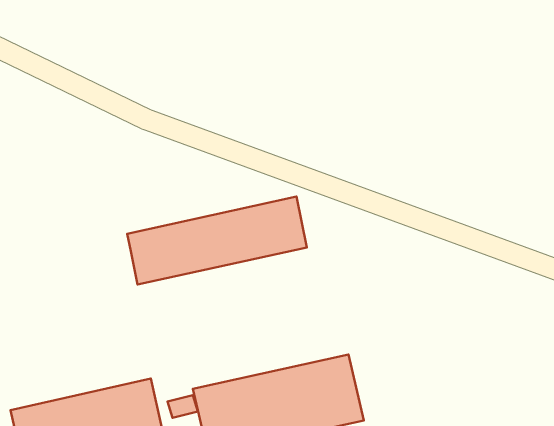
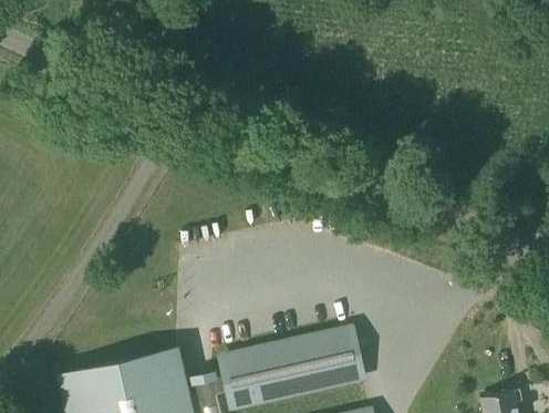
building: [127,197,307,285] -> none

